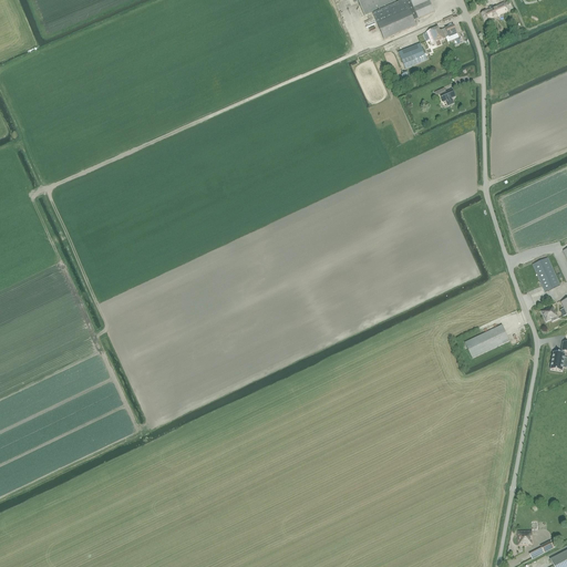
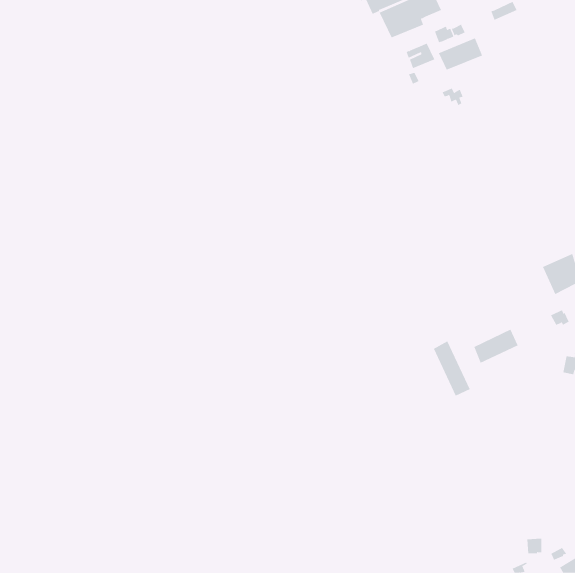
building: none -> [438,37,483,71]
building: none -> [433,340,471,397]

